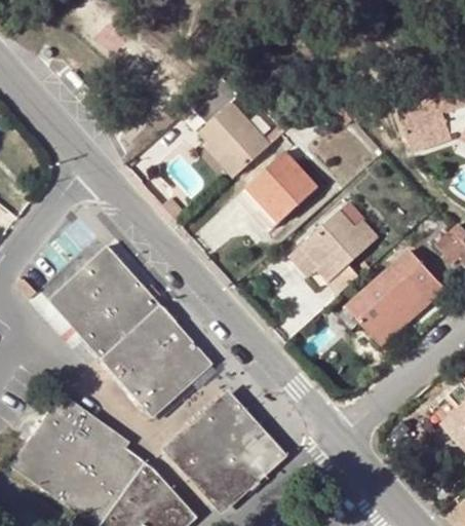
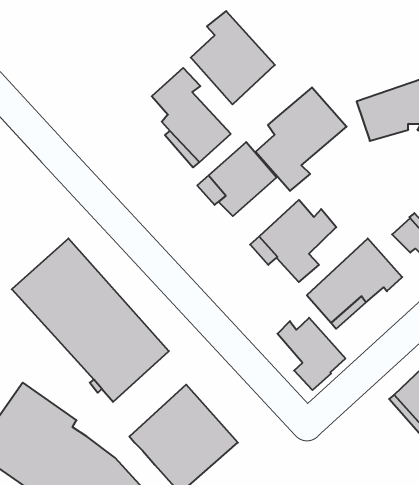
building: none -> [191,11,275,104]
building: none -> [255,87,347,191]
building: none -> [277,318,345,390]

